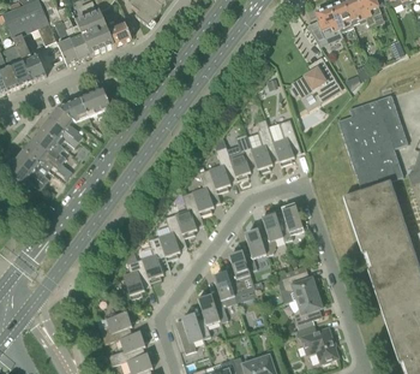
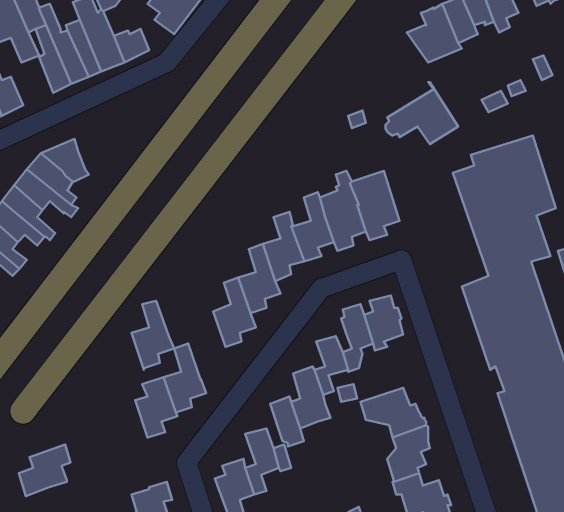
building: [80,88,110,117] -> none
building: [157,213,186,260] -> [131,301,174,370]
building: [98,308,133,343] -> [19,445,70,496]

